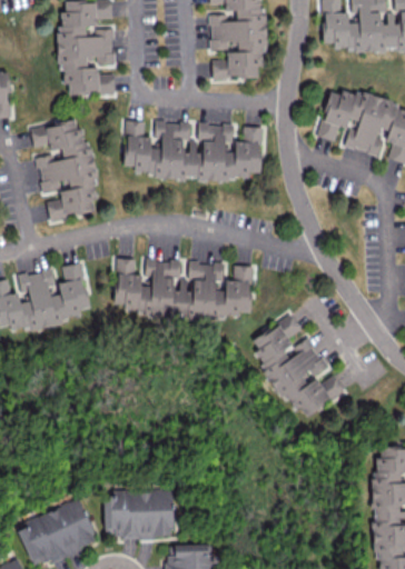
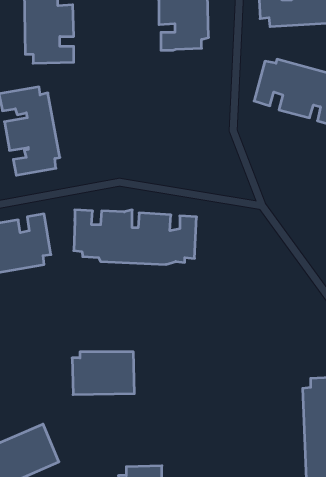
building: [125,120,261,179] -> none
building: [249,315,345,415] -> none
building: [103,490,174,538] -> [72,352,134,395]

